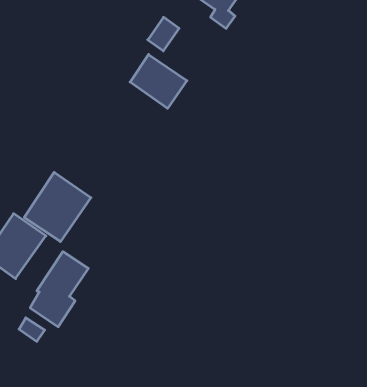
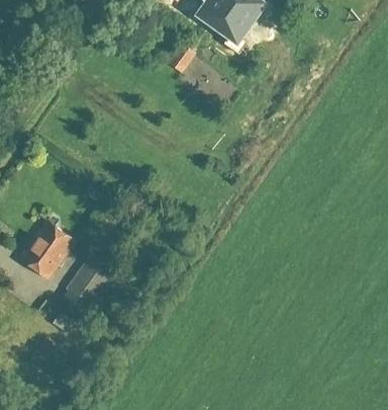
building: [130,54,187,108] -> none
building: [24,172,91,242] -> none

